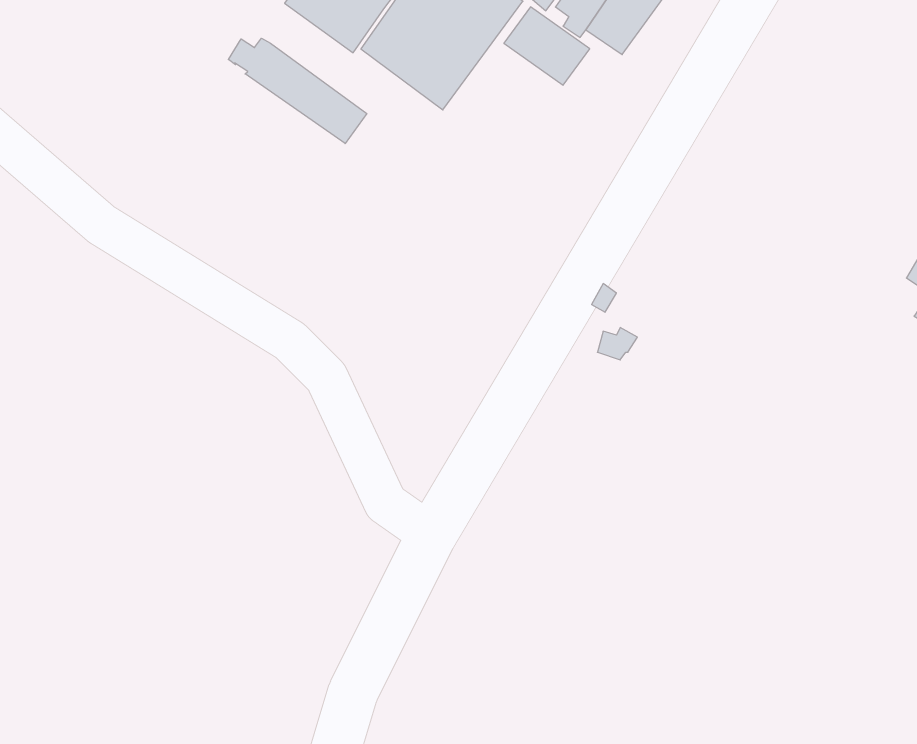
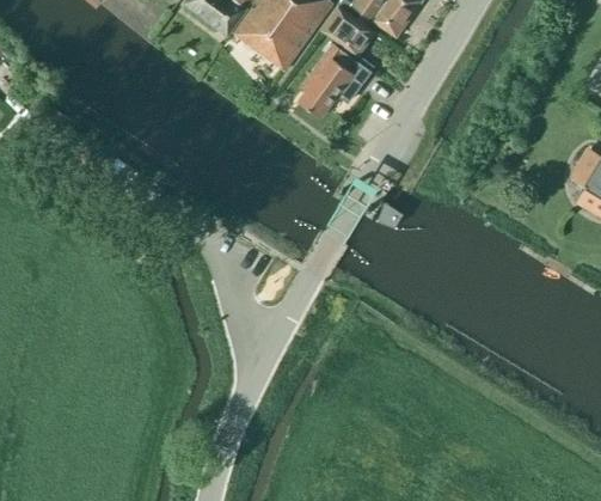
building: [228,38,367,144] -> none
building: none -> [299,43,370,117]

